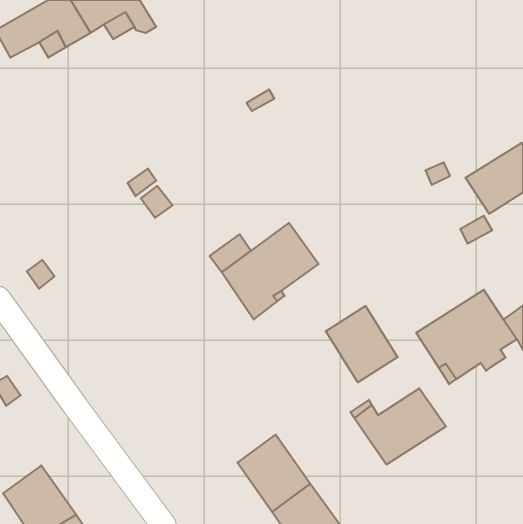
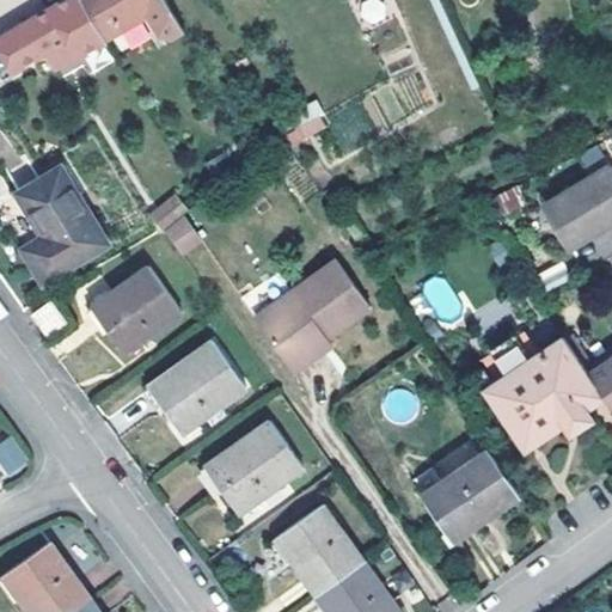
building: none -> [18,170,103,281]
building: none -> [91,268,180,354]
building: none -> [148,343,245,434]
building: [326,306,398,382] -> none
building: none -> [206,424,302,514]

